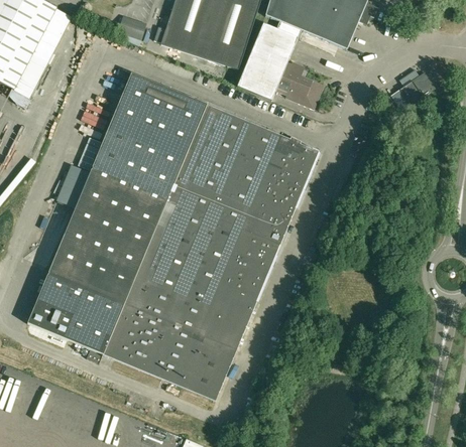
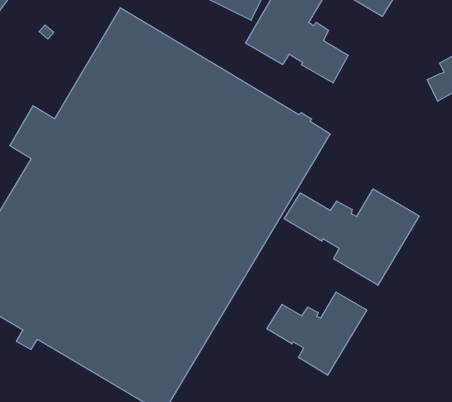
building: none -> [284,189,419,285]
building: none -> [267,292,367,375]

